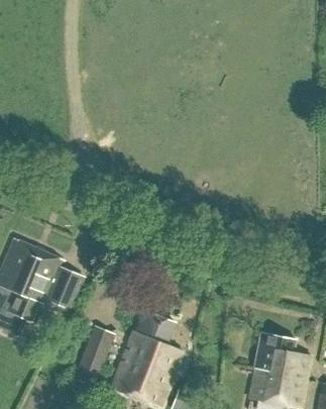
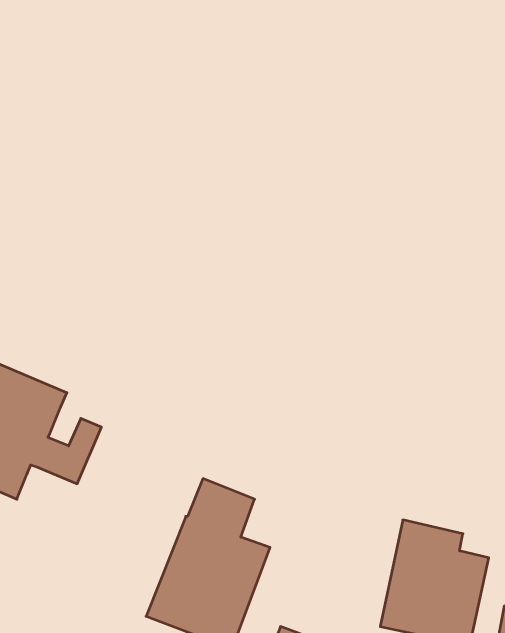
building: [74,325,114,385] -> none

